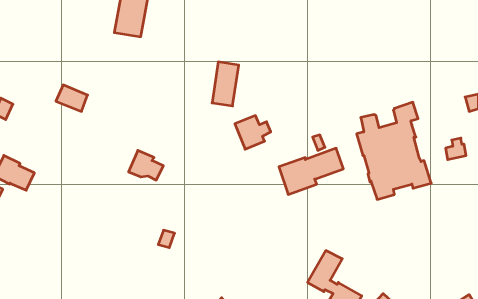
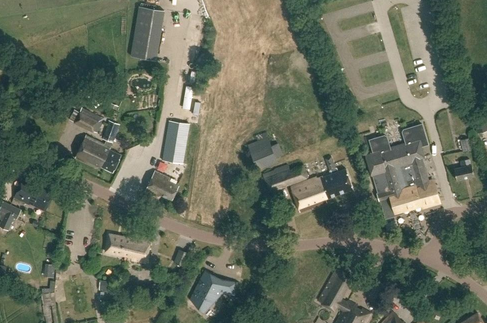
building: [212,62,239,106] -> [163,121,189,164]
building: none -> [73,124,120,171]
building: none -> [263,165,308,192]
building: none -> [104,234,150,262]
building: none -> [189,270,237,312]

